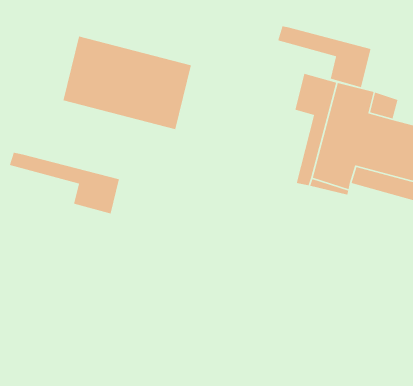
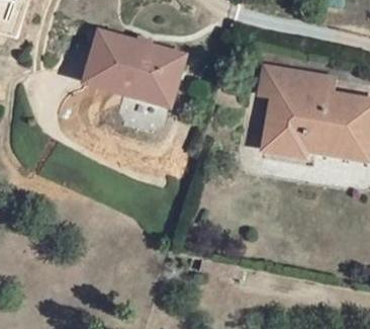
building: [277,26,371,88] -> none
building: [9,152,120,215] -> none

